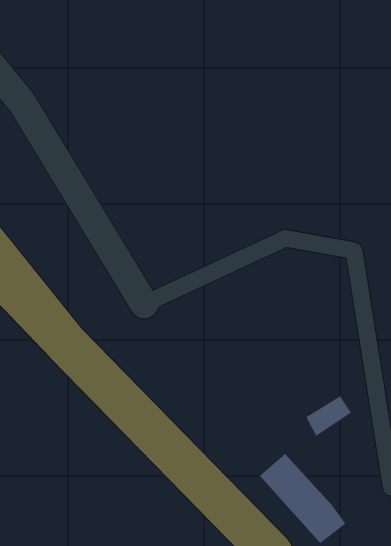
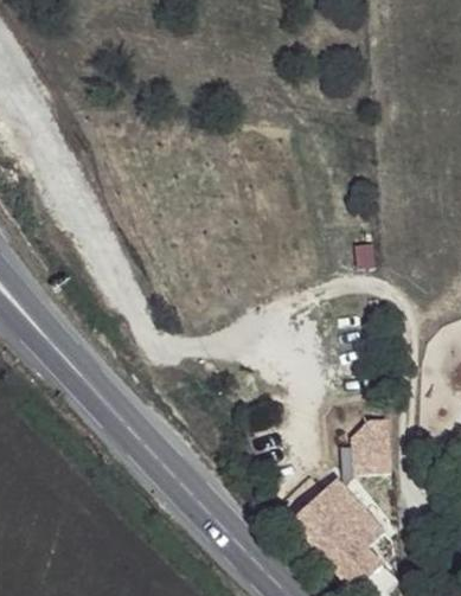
building: none -> [320,475,391,549]

